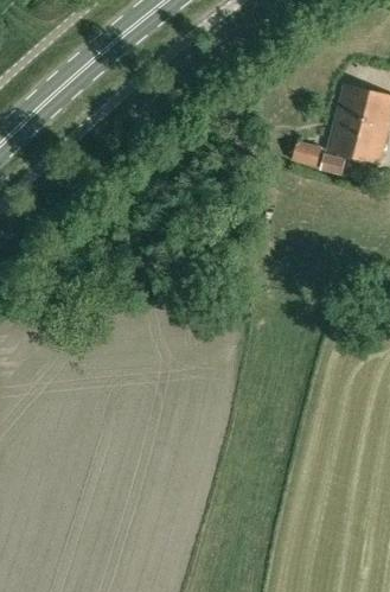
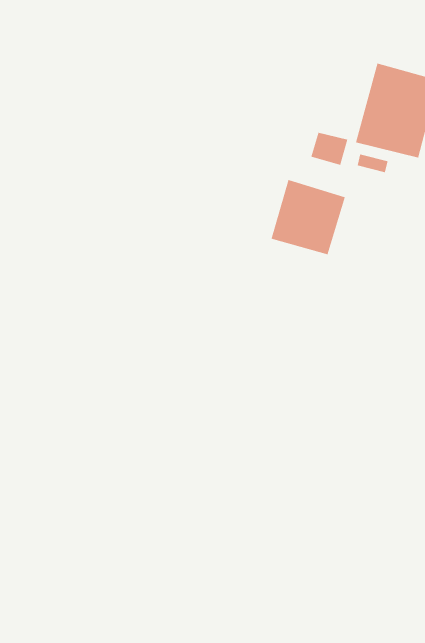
building: none -> [271,179,346,255]

